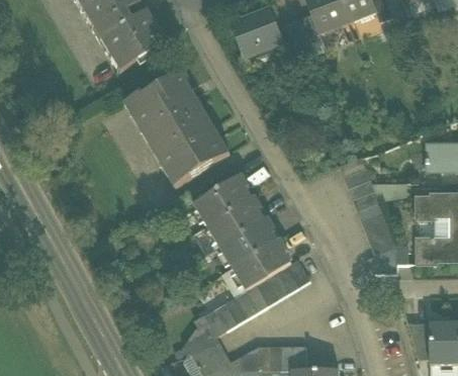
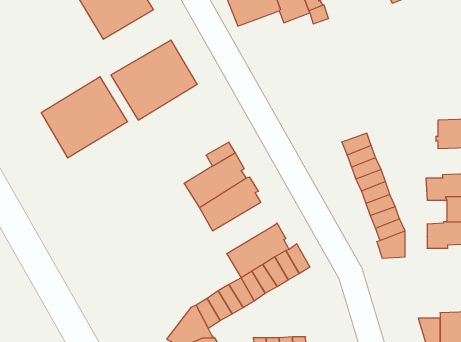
building: [152,111,232,186] -> [41,77,128,158]
building: [220,218,278,268] -> none

